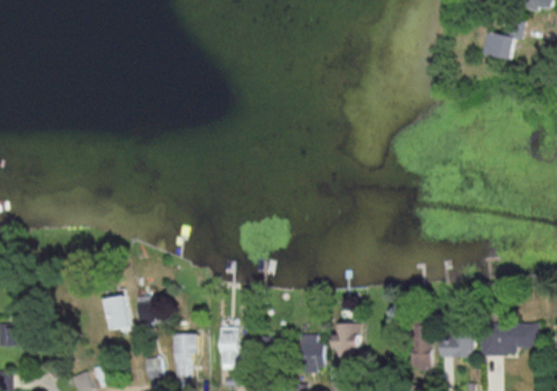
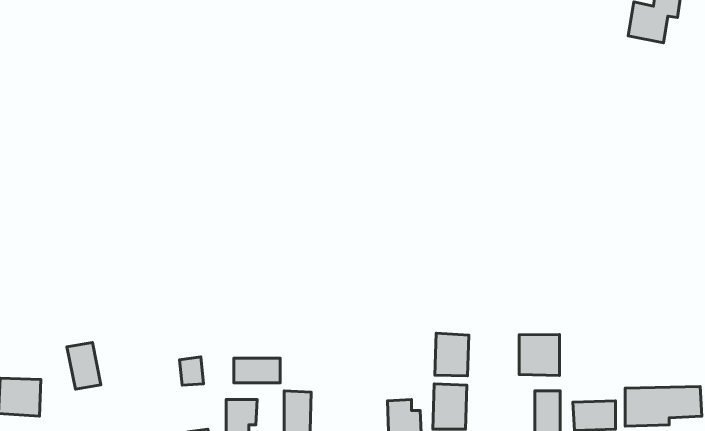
building: none -> [435,333,469,376]
building: none -> [519,335,559,375]
building: [107,296,133,332] -> [67,342,101,389]
building: none -> [234,358,280,383]

